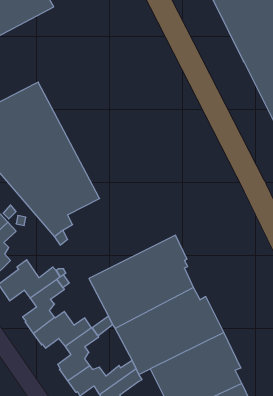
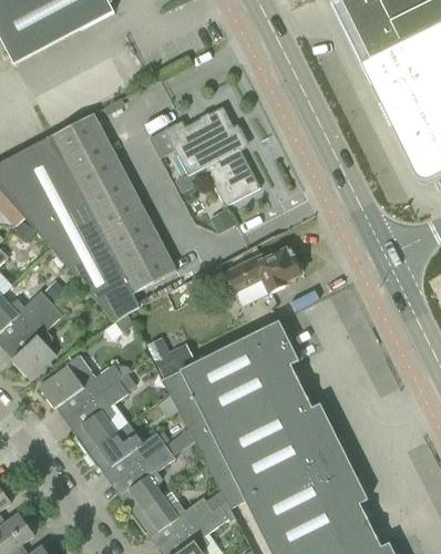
building: none -> [164,106,260,206]
building: none -> [225,247,301,294]
building: none -> [145,337,195,378]

